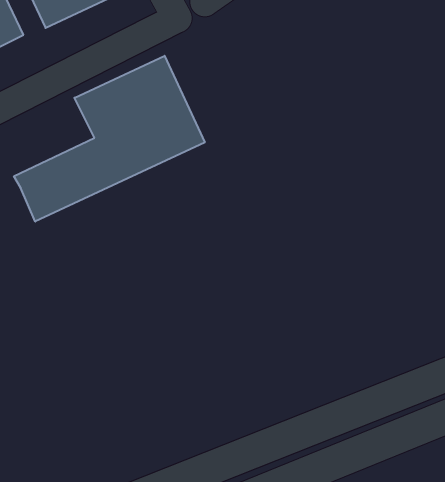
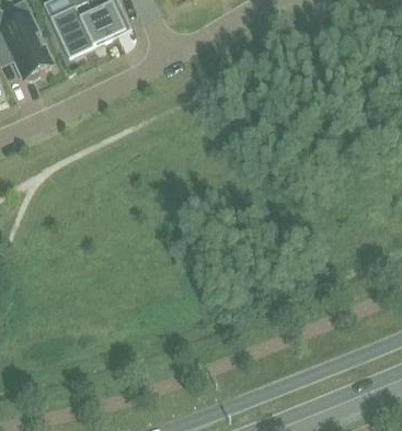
building: [14,56,205,222] -> none

